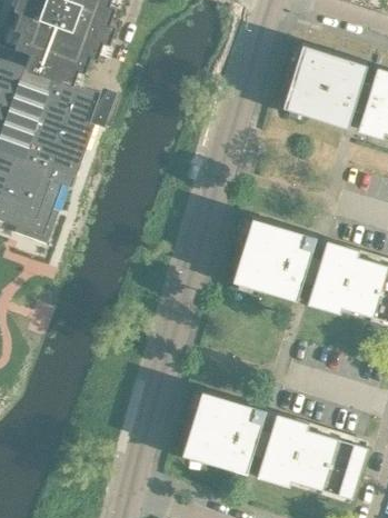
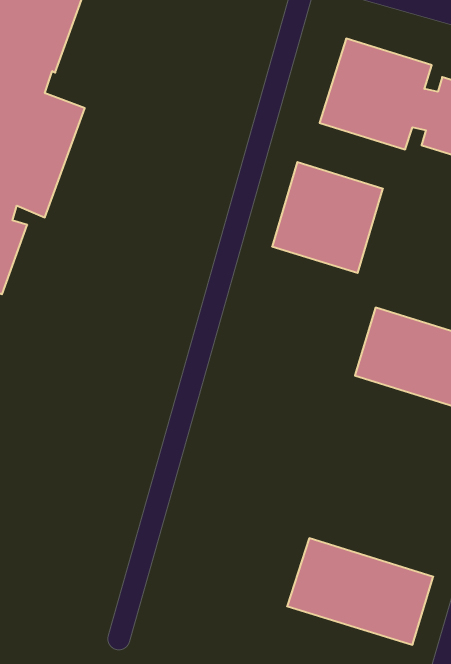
building: [231,218,315,301] -> [272,162,383,273]
building: [180,390,265,474] -> none

